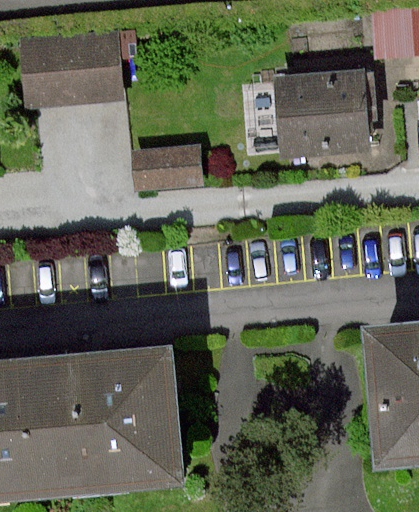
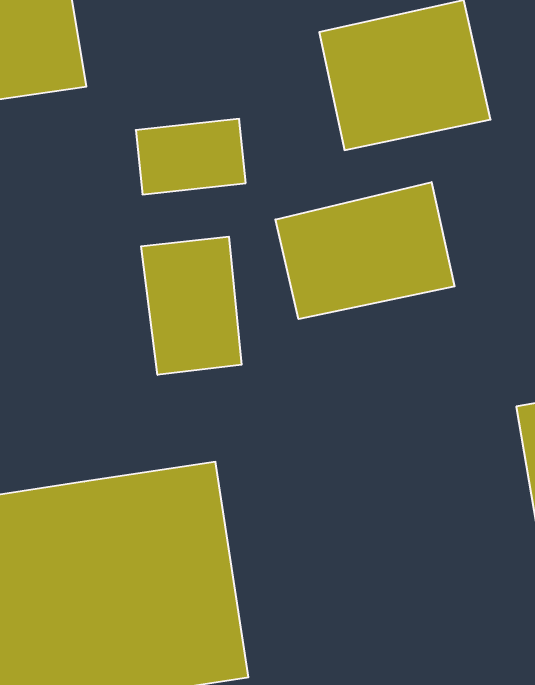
building: none -> [275,182,455,319]
building: none -> [141,237,242,375]

